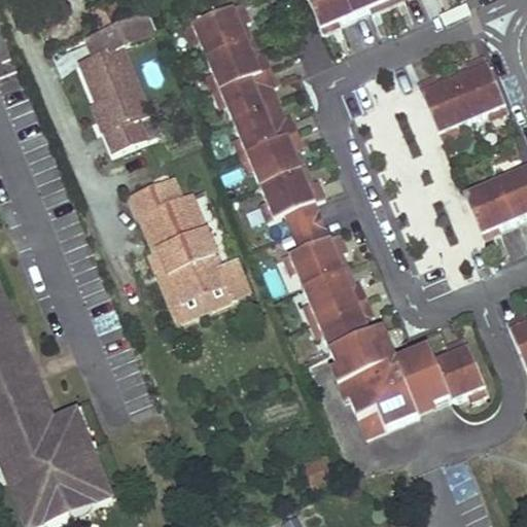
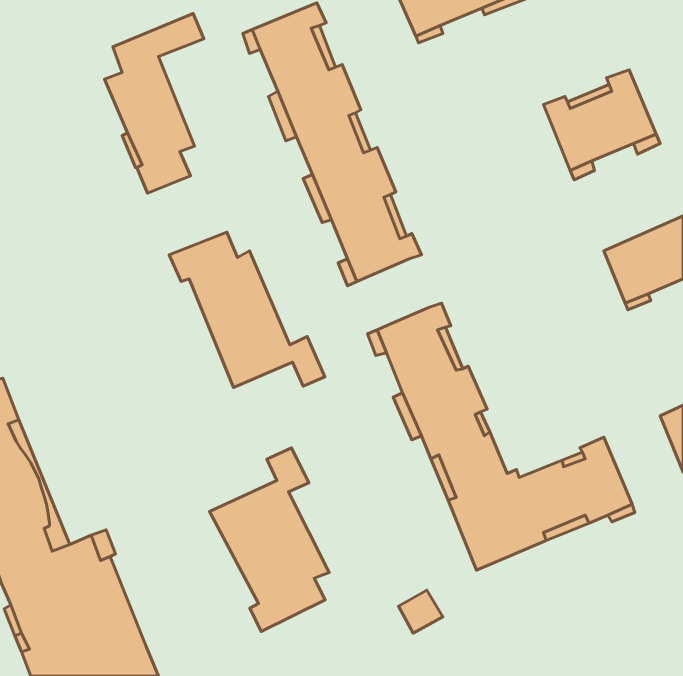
building: [283,199,329,249] -> none
building: [139,214,233,319] -> none
building: none -> [210,448,329,632]

